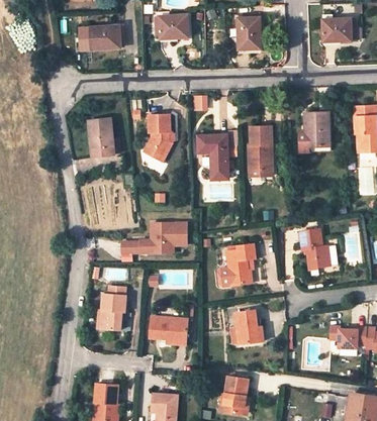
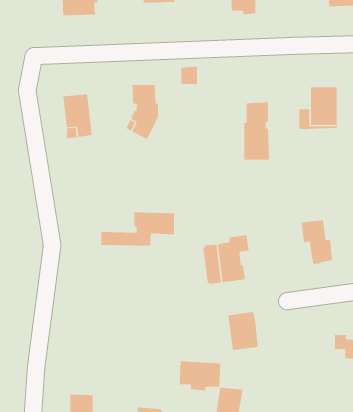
building: [197,134,228,180] -> none
building: [100,287,125,330] -> none
building: [150,317,187,343] -> [179,361,221,391]

